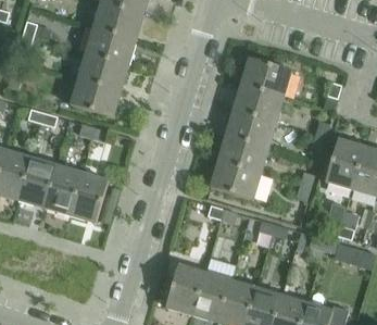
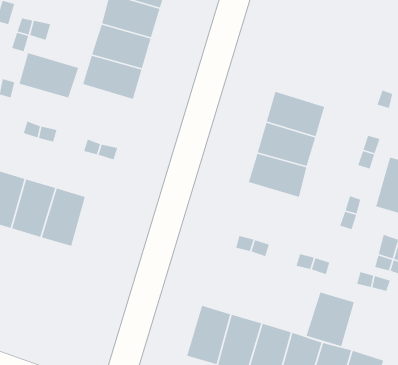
building: [240,57,290,96] -> none
building: [70,77,121,116] -> [19,52,79,98]
building: [210,160,261,199] -> none
building: [68,172,108,222] -> none
building: none -> [306,291,355,347]

